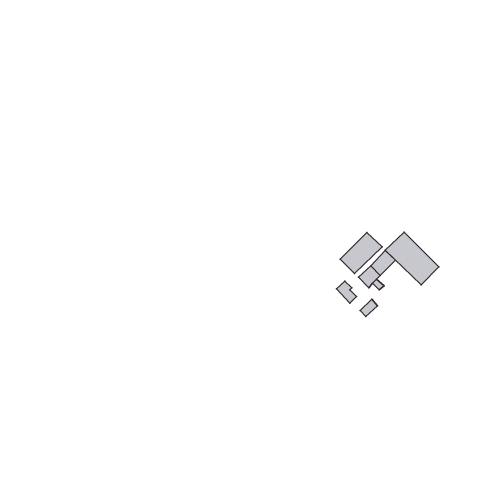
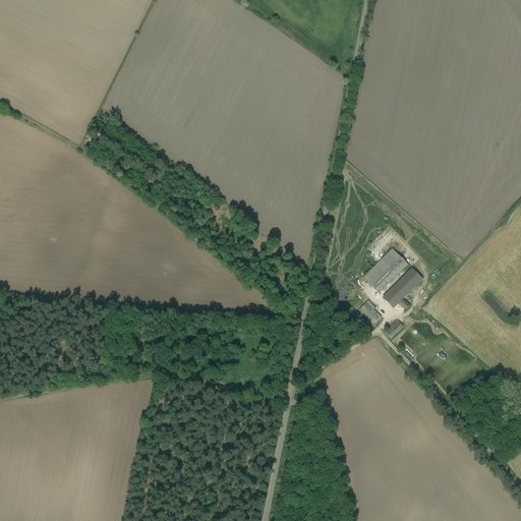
building: [385,232,439,285] -> none

